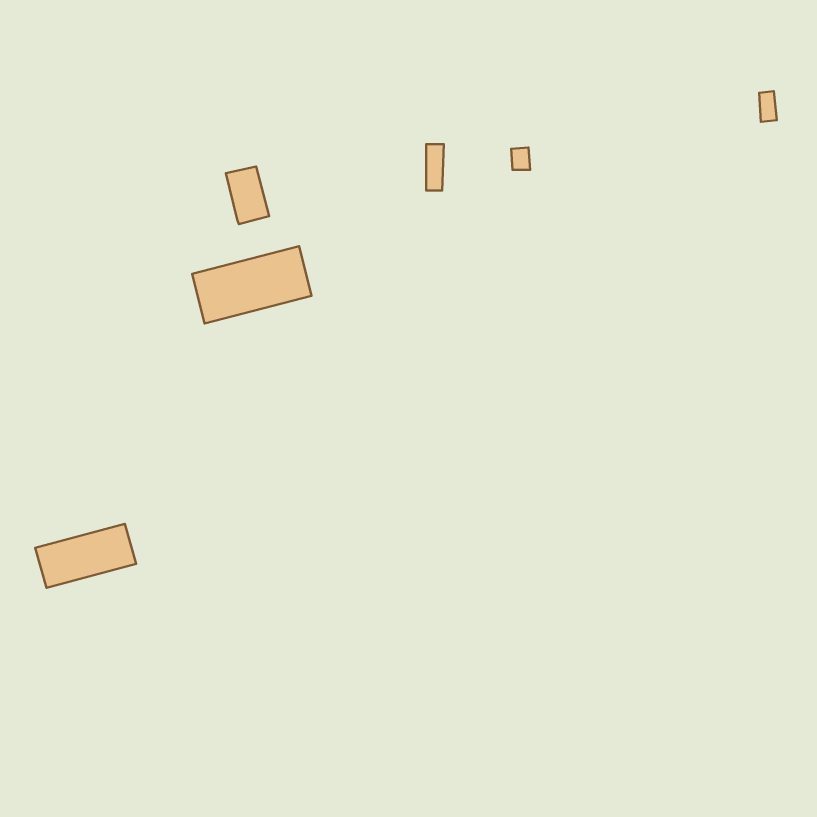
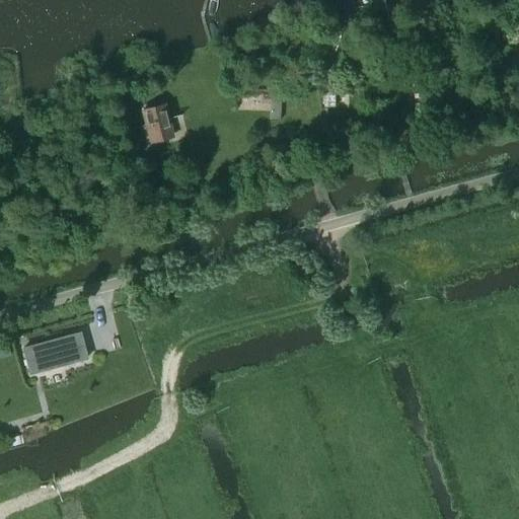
building: [192,246,311,323] -> none

